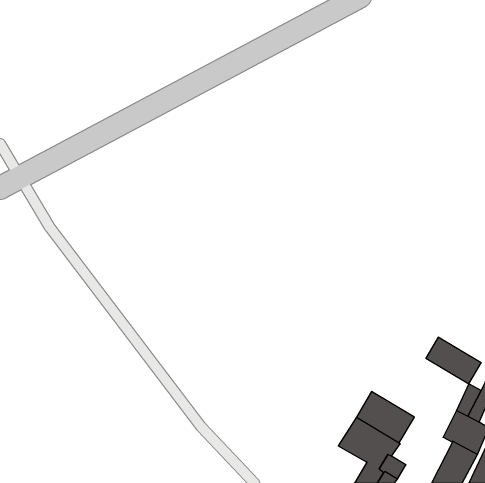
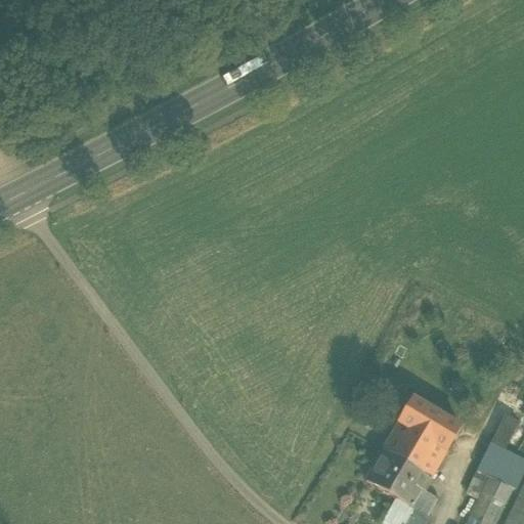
building: [426,337,481,384] -> [401,398,461,448]

